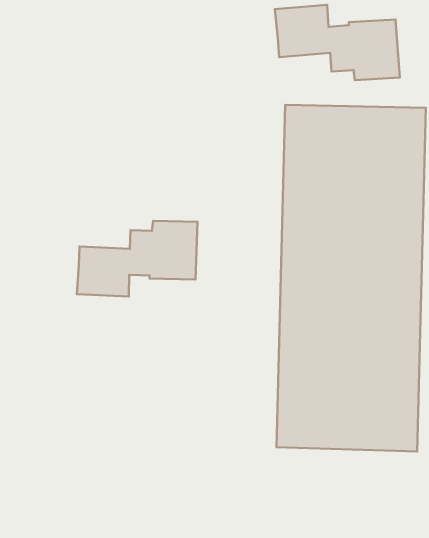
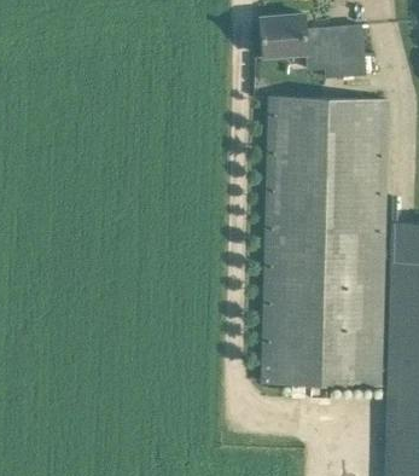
building: [77,221,198,296] -> none

